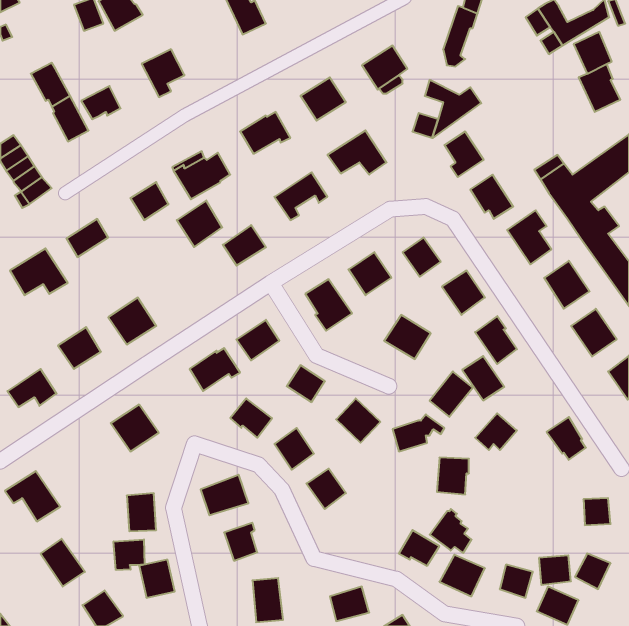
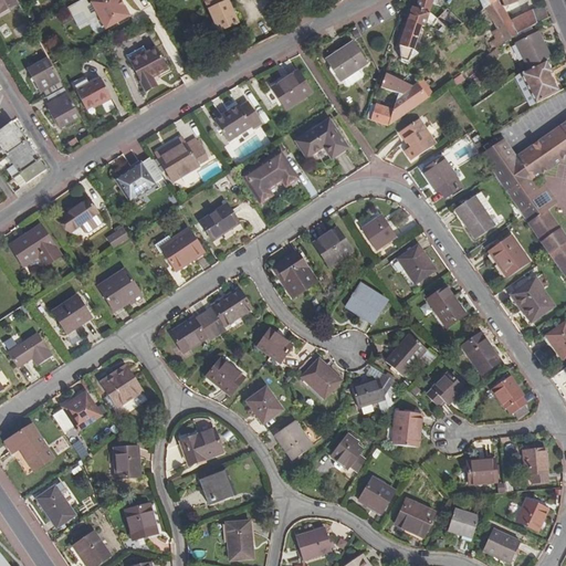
building: [177,200,222,247] -> [160,229,201,271]
building: [462,356,504,400] -> [462,333,500,373]
building: none -> [62,390,102,429]
building: [430,509,472,553] -> [328,431,366,471]
building: [114,539,144,570] -> none
building: [539,555,571,585] -> [468,457,496,483]

